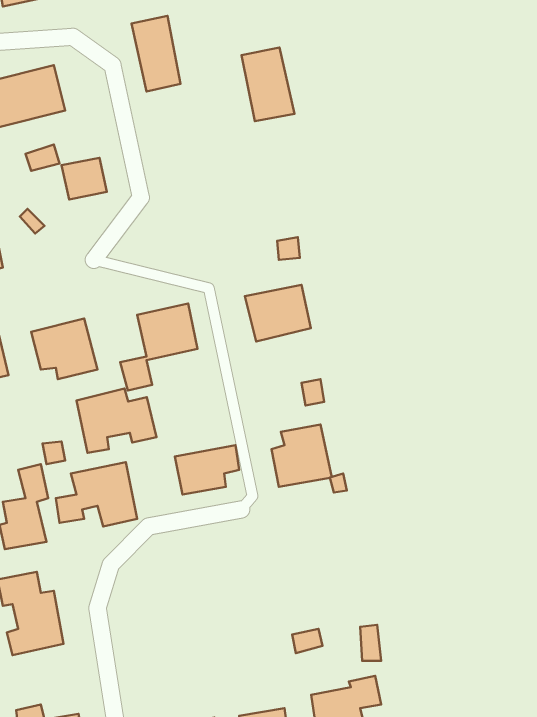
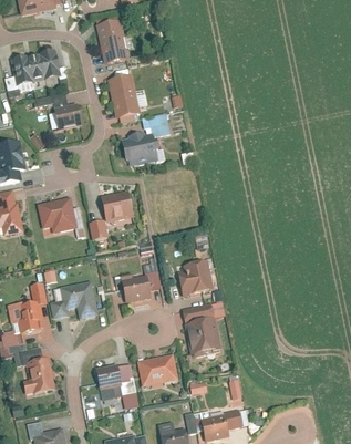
building: [242,48,295,121] -> [109,75,140,118]
building: [245,285,311,341] -> [120,133,158,166]
building: [77,388,157,453] -> none
building: none -> [183,303,221,353]
building: none -> [137,353,179,386]
building: none -> [96,364,141,409]

